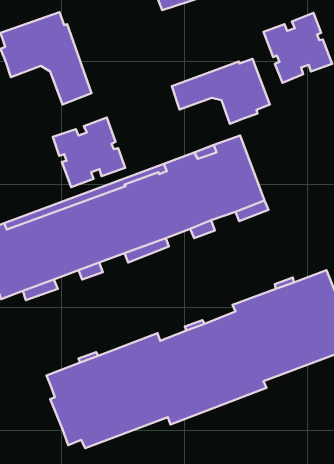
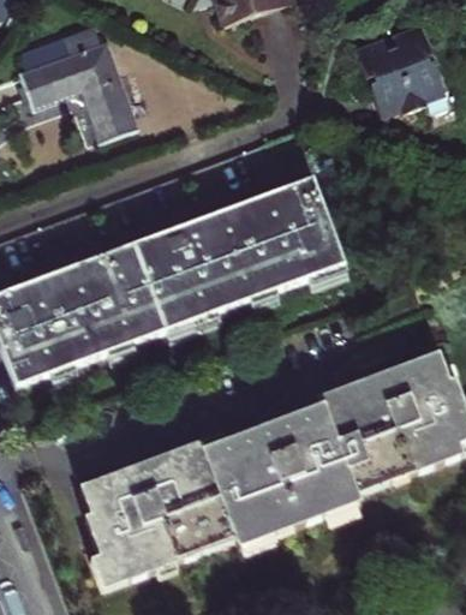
building: [172,59,270,124] -> none
building: [53,117,125,187] -> none

